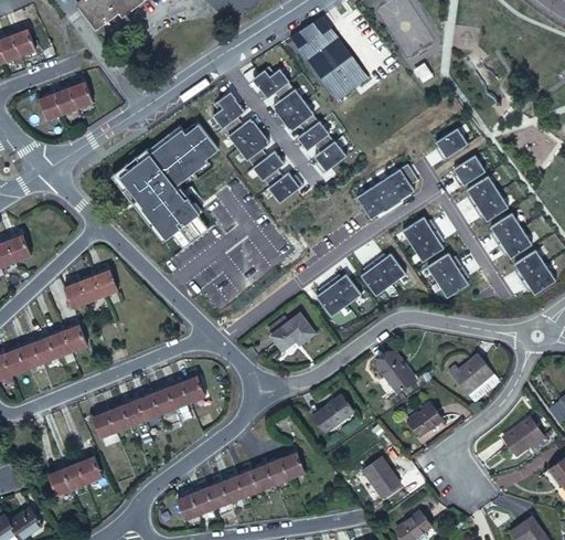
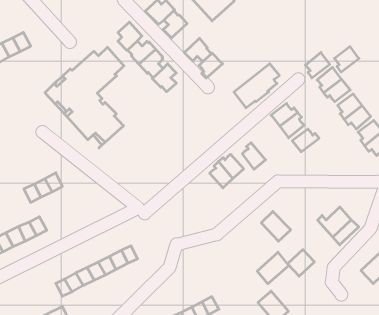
building: [281,96,318,128] -> none
building: [435,125,467,157] -> [334,47,359,72]
building: [266,168,301,199] -> none
building: [371,254,403,285] -> none
building: [435,264,467,296] -> none
building: [271,314,316,350] -> none
building: [309,402,351,442] -> [257,252,289,284]

